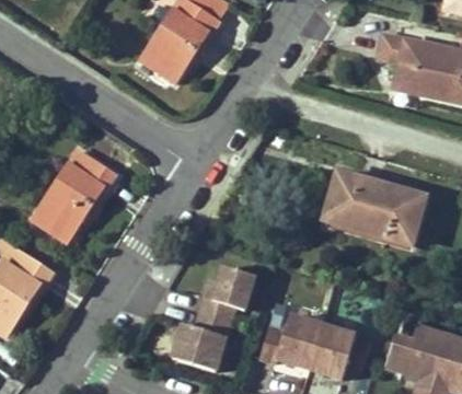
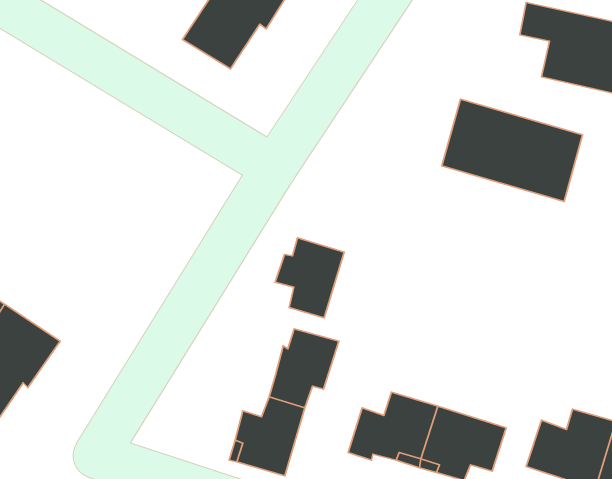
building: [35,152,116,241] -> none
building: [325,171,425,243] -> [442,99,583,201]
building: none -> [275,238,344,318]

